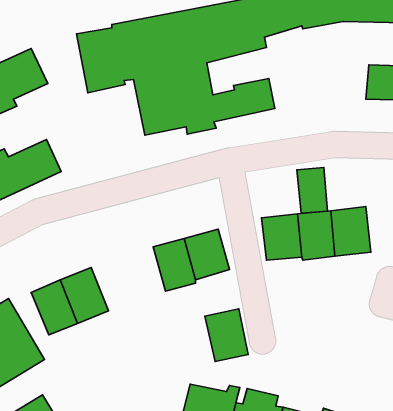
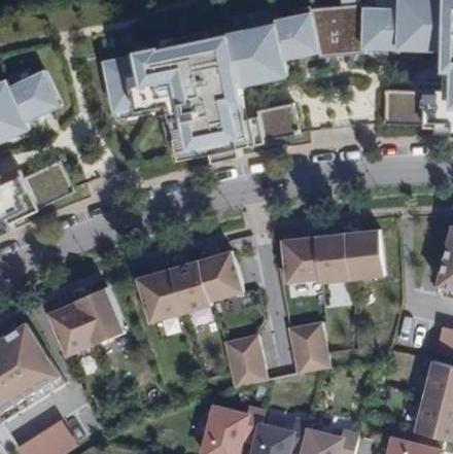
building: [297,167,327,213] -> none
building: none -> [137,270,183,323]
building: none -> [289,319,332,371]

